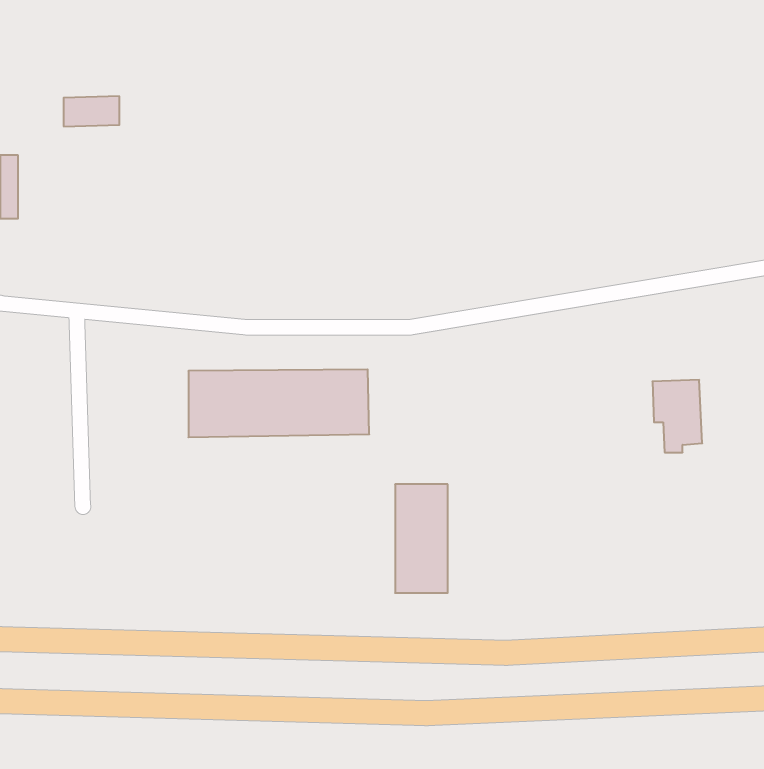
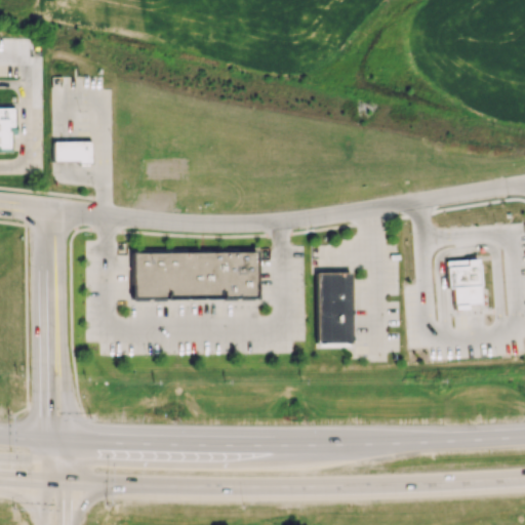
building: [64,96,119,126] -> [55,138,93,159]
building: [395,484,448,593] -> [318,270,354,344]

